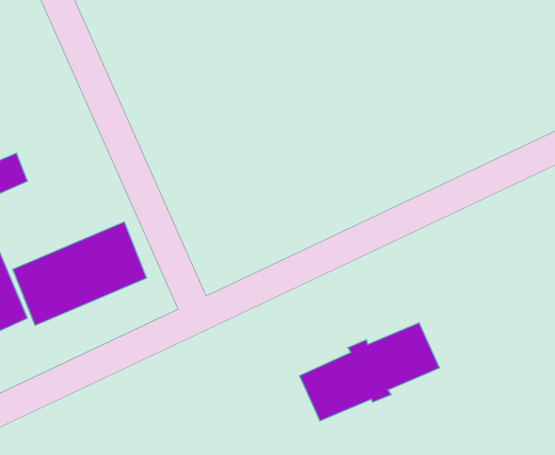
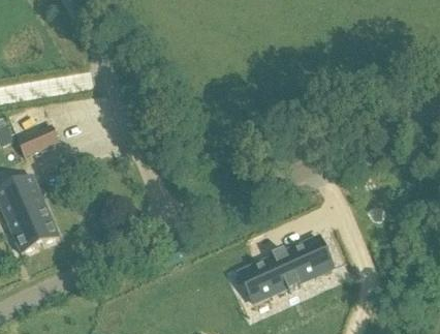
building: [13,222,146,325] -> none

